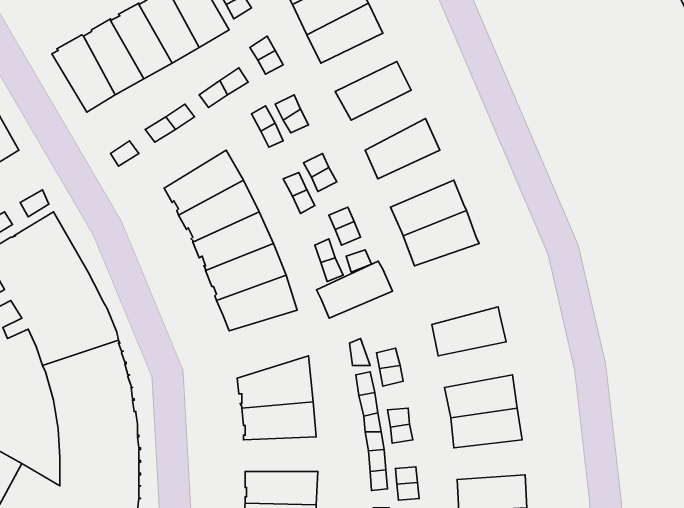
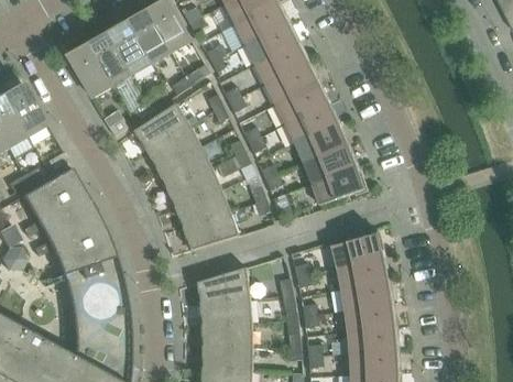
building: none -> [254,42,307,83]
building: none -> [275,81,327,123]
building: none -> [133,102,188,150]
building: [316,261,392,318] -> [294,123,347,163]
building: none -> [336,257,388,288]
building: none -> [200,323,252,347]
building: none -> [347,325,396,352]

